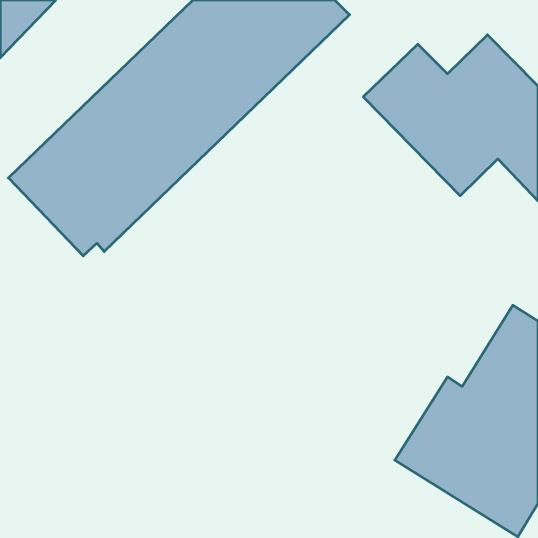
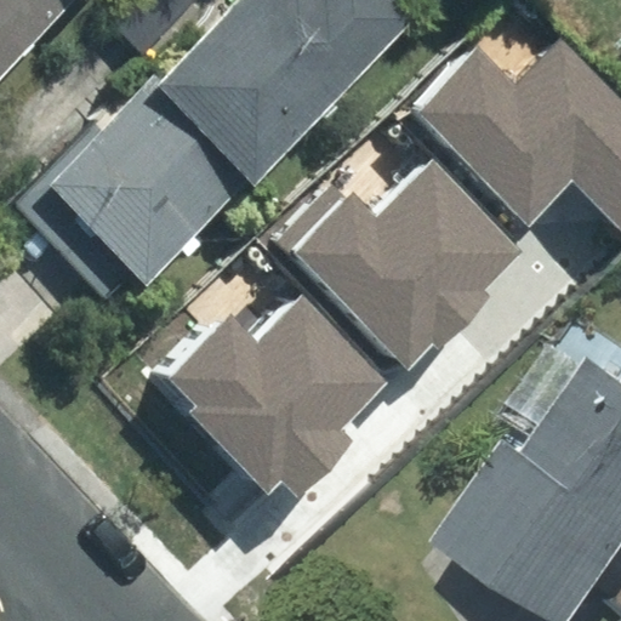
building: none -> [279,160,525,368]
building: none -> [169,298,387,497]

